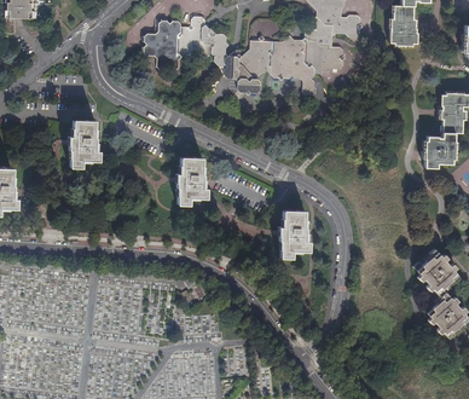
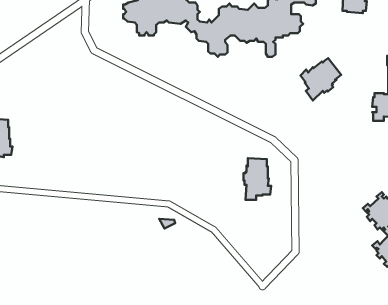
building: none -> [301,58,341,100]
building: [68,118,99,166] -> none
building: [175,156,207,203] -> none

